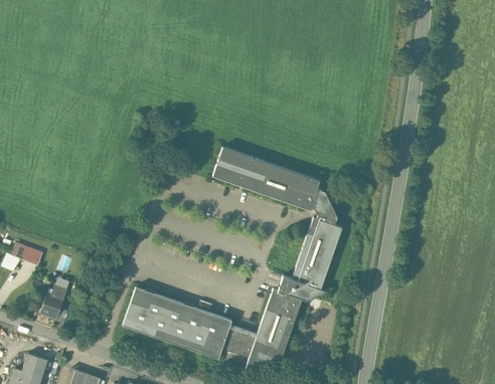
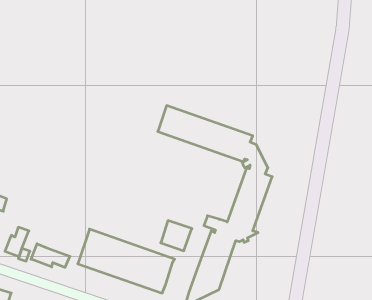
building: none -> [31,244,70,267]
building: [221,324,257,358] -> [161,221,192,251]

